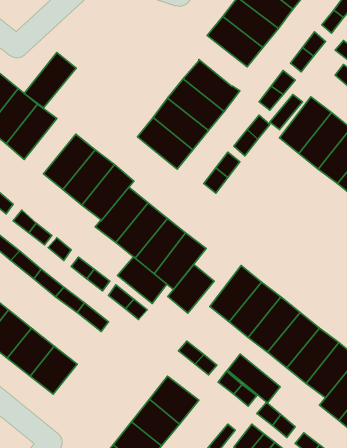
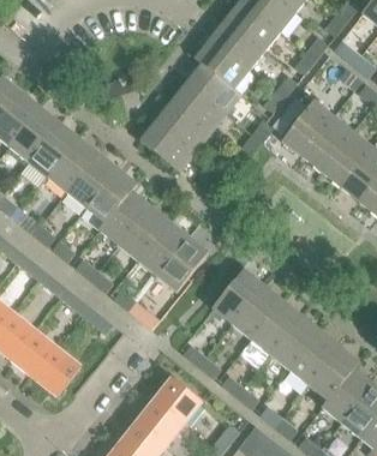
building: none -> [195,38,250,89]
building: [24,53,76,108] -> [28,121,79,176]
building: [118,257,167,303] -> none
building: [168,264,214,313] -> none
building: [228,354,280,403] -> none

